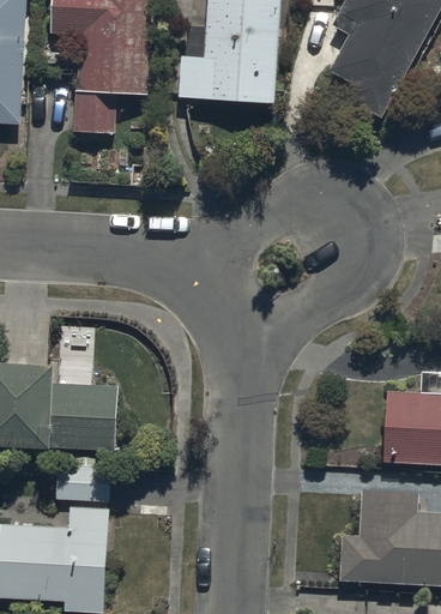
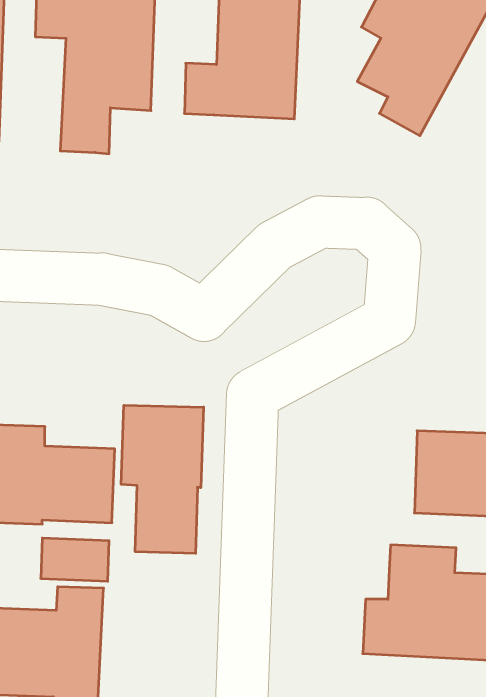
building: none -> [121,405,204,553]

